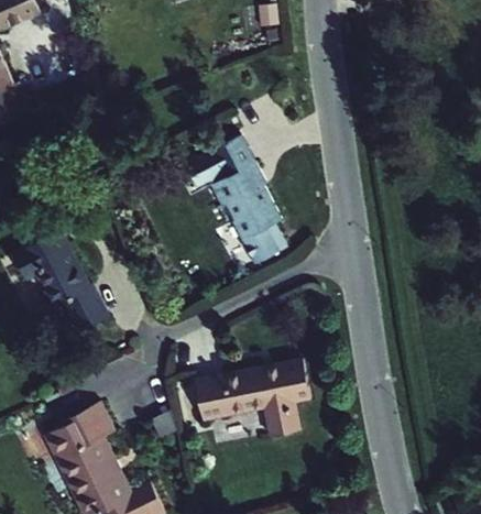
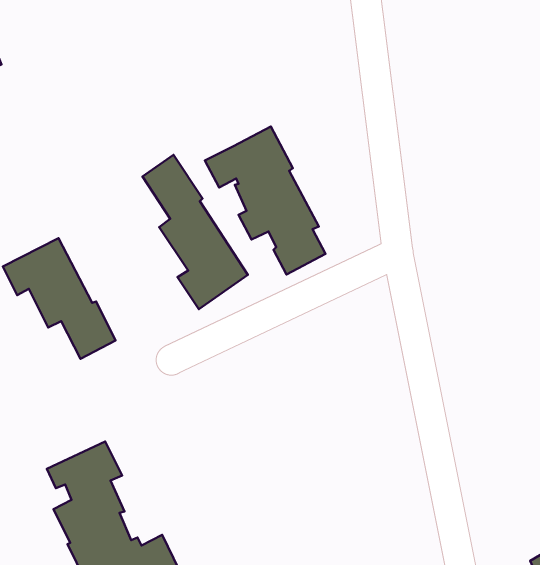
building: none -> [142,155,248,309]
building: [196,361,311,437] -> none

